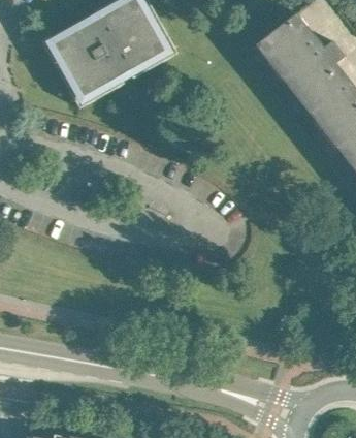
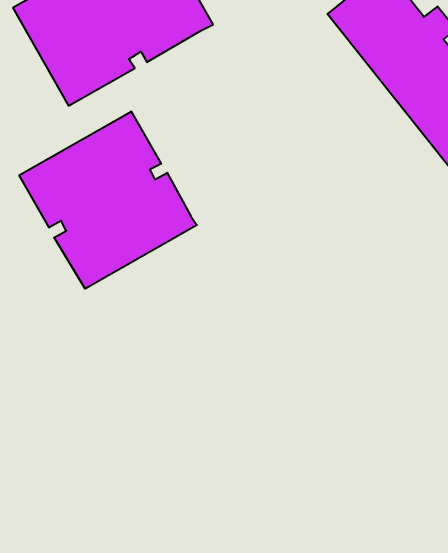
building: none -> [19,111,197,289]

